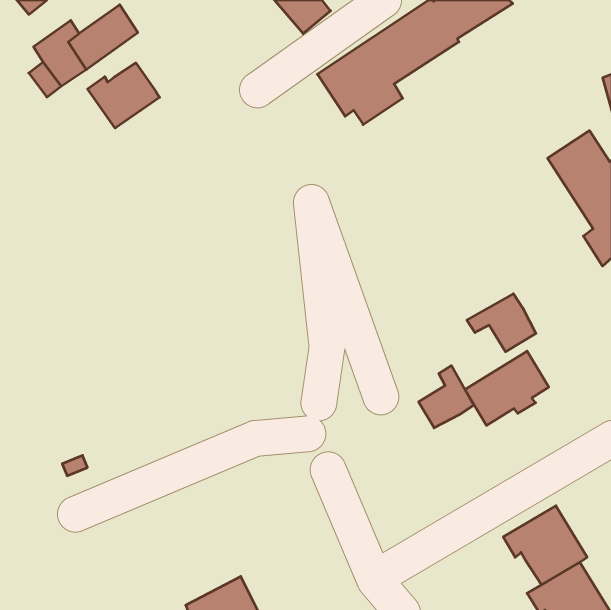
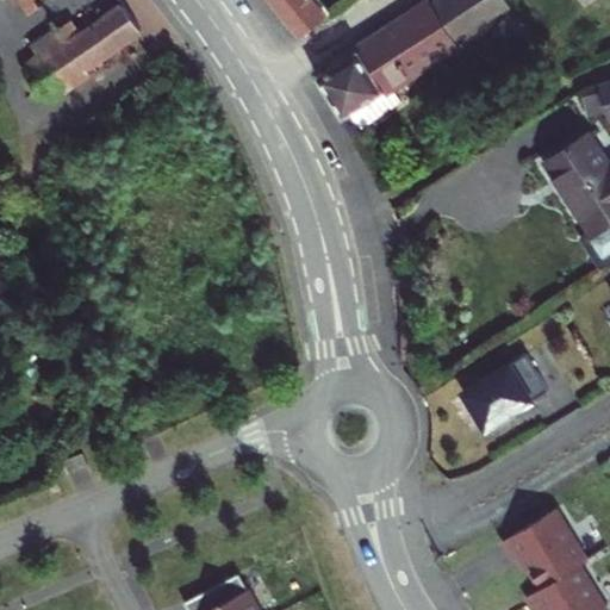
building: [88,63,160,128] -> none
building: [467,294,536,352] -> none
building: [419,366,474,428] -> none

